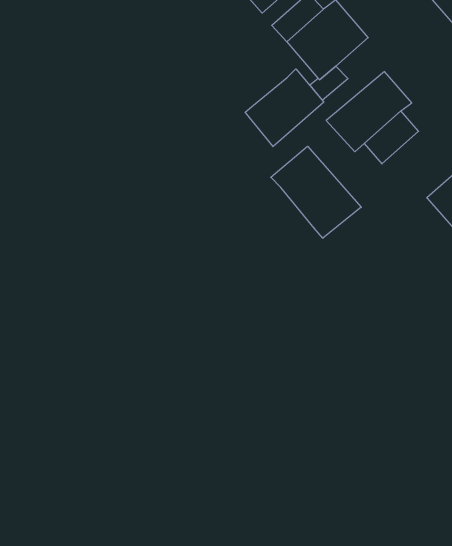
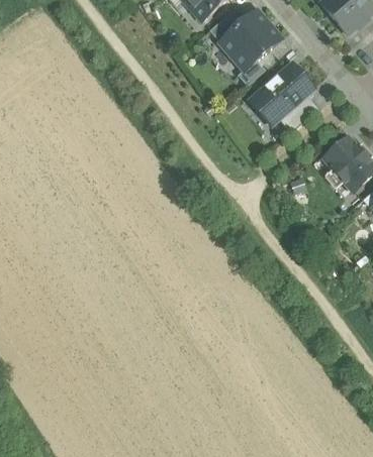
building: [245,69,324,147] -> none
building: [271,146,361,238] -> none

